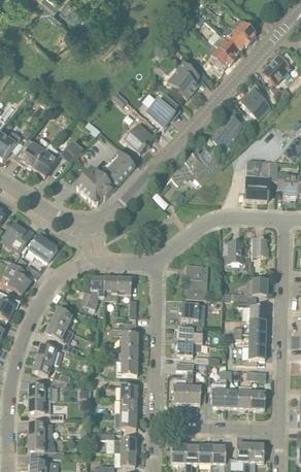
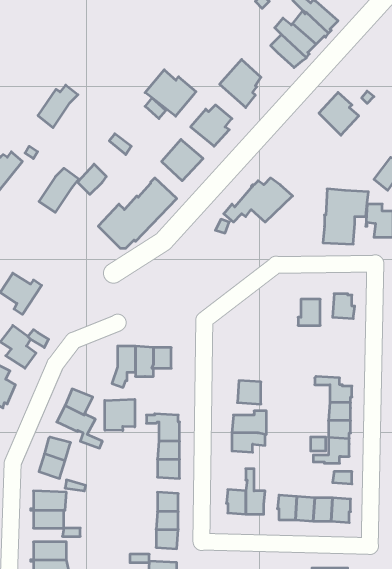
building: [263,49,292,83] -> none
building: none -> [145,70,196,116]
building: [209,115,243,148] -> none
building: [21,136,51,168] -> [38,85,78,128]
building: [28,234,57,262] -> none
building: [185,265,207,298] -> none
building: [231,278,267,300] -> none
building: none -> [105,399,135,431]

